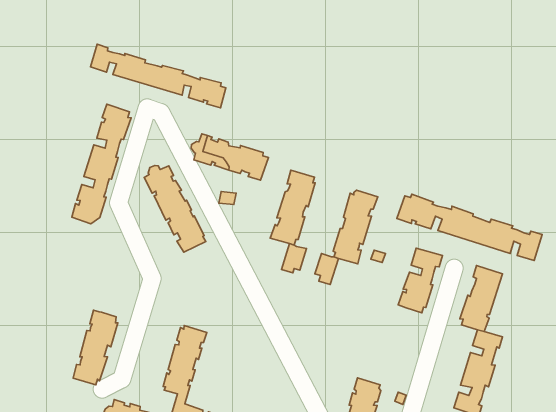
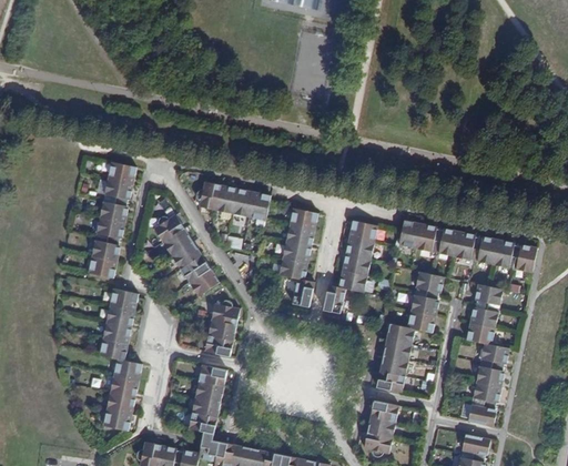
building: [90,44,226,108] -> none
building: none -> [99,287,136,359]
building: none -> [205,300,240,356]
building: none -> [376,323,414,391]

